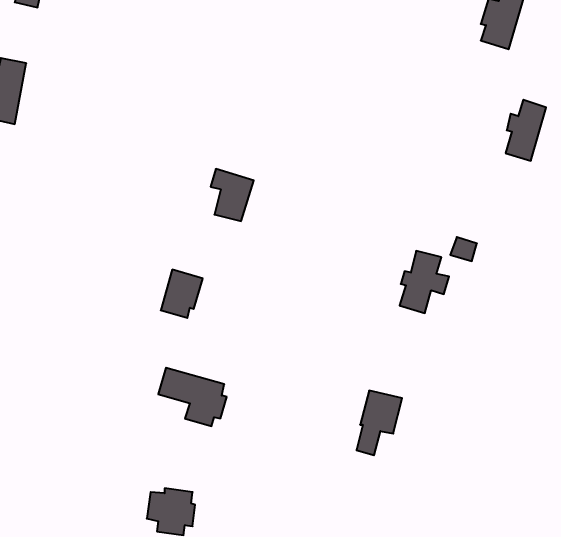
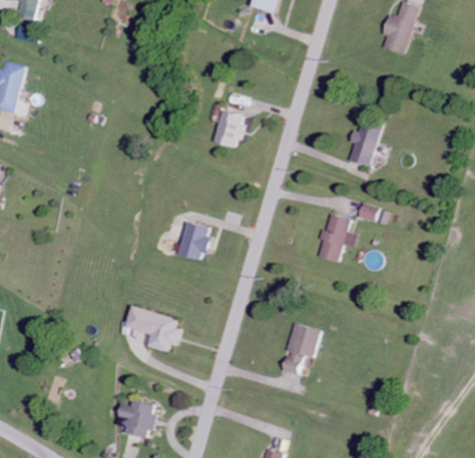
building: [506,100,546,161] -> [349,118,381,166]
building: [211,169,254,221] -> [212,106,247,147]
building: [161,270,203,318] -> [180,221,213,260]

